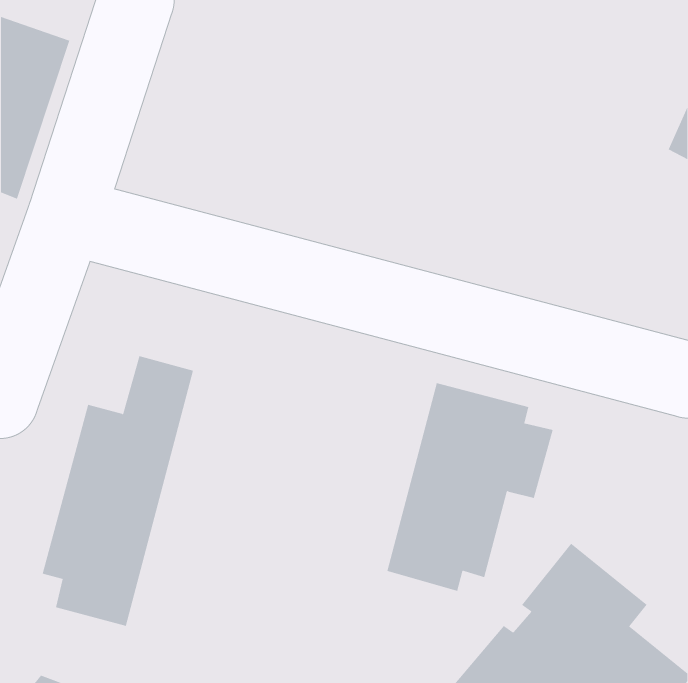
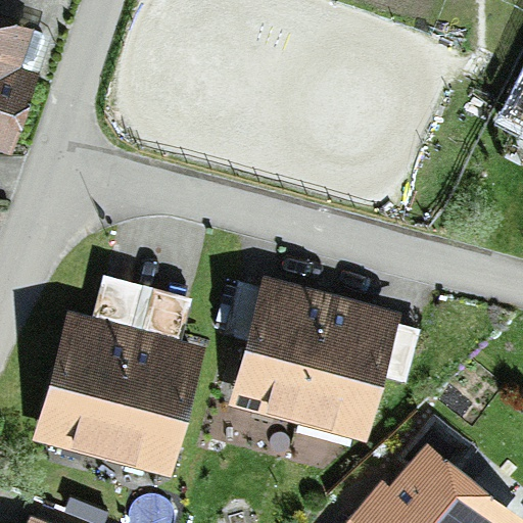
building: none -> [215,276,331,437]
building: none -> [96,281,205,493]

